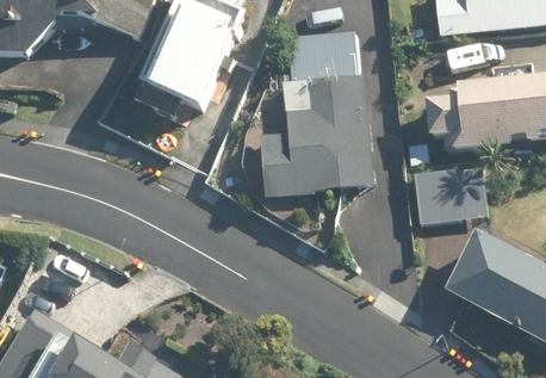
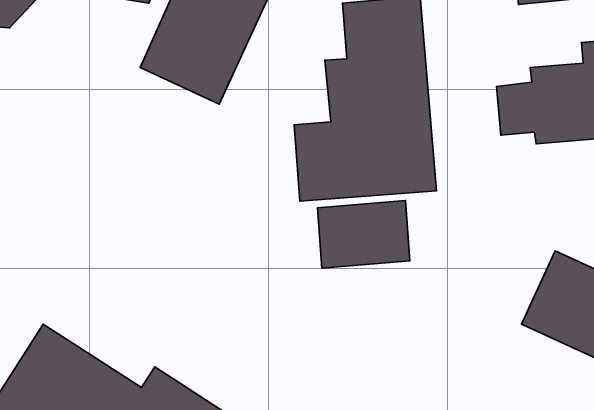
building: [411,167,486,222] -> [317,201,410,268]

